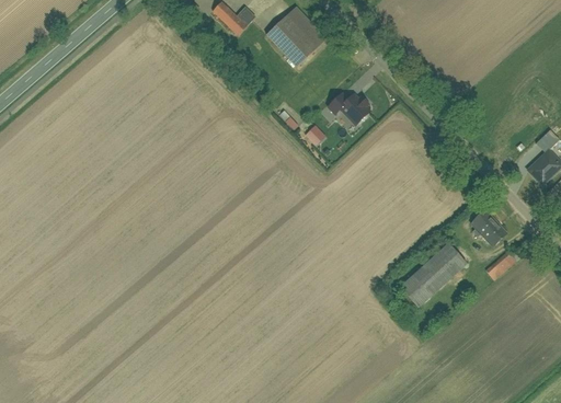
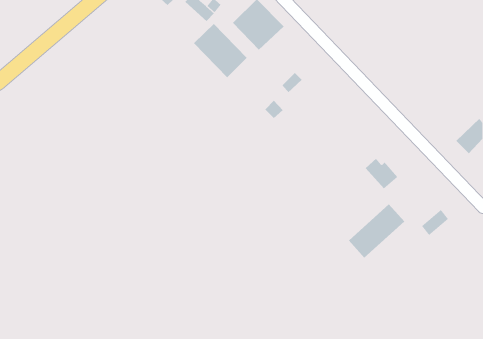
building: none -> [193,23,248,78]
building: [341,95,371,126] -> none
building: [467,211,505,247] -> [365,158,398,189]

